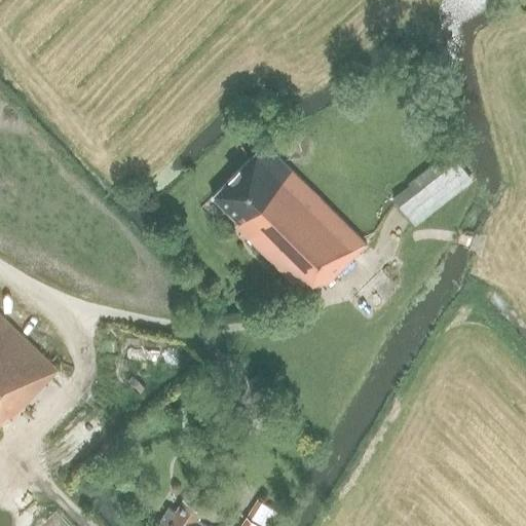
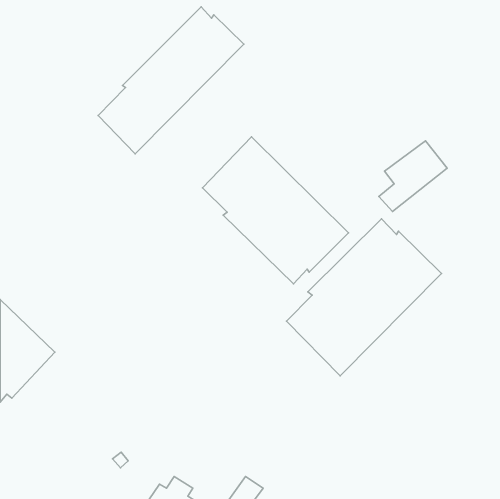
building: none -> [98,7,244,154]
building: none -> [286,219,442,376]

